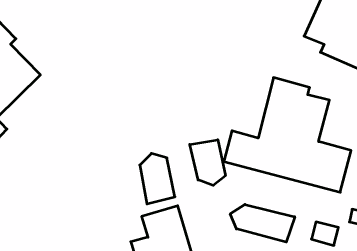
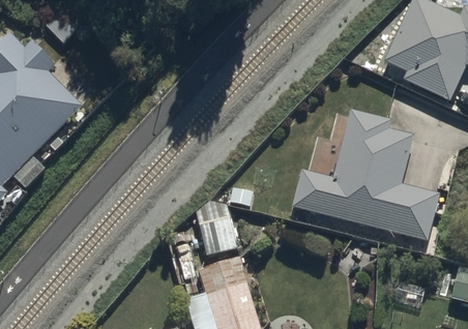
building: [190,140,225,185] -> none
building: [230,204,295,242] -> none

